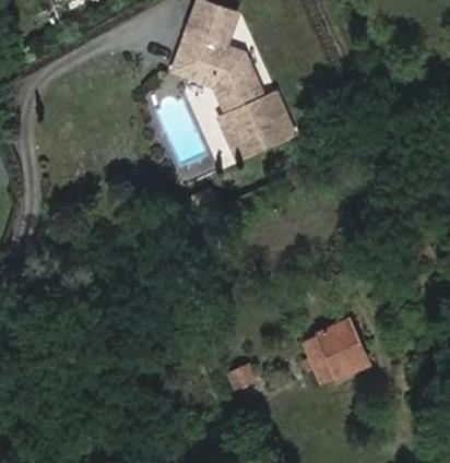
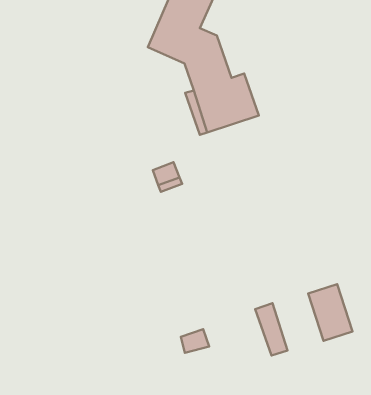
building: [322,316,371,376] -> [308,284,352,341]

